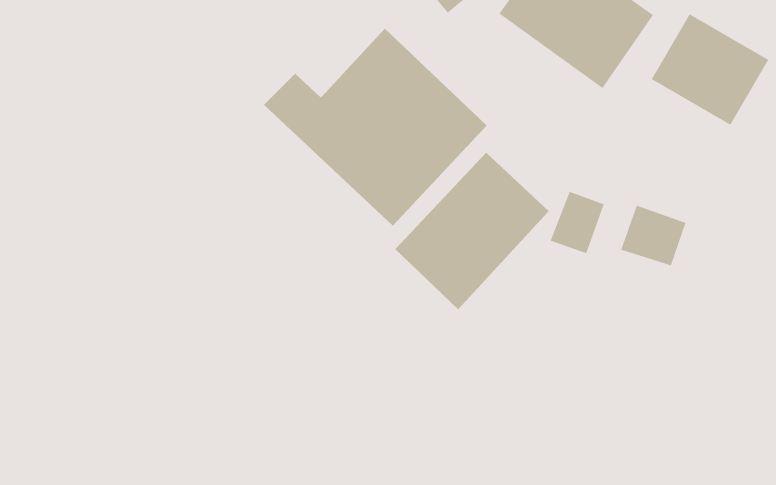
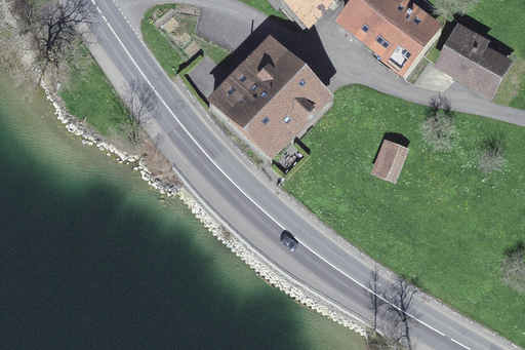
building: [394,152,549,310] -> none
building: [620,205,686,266] -> none

